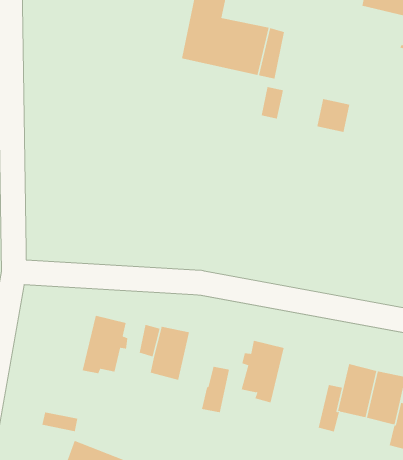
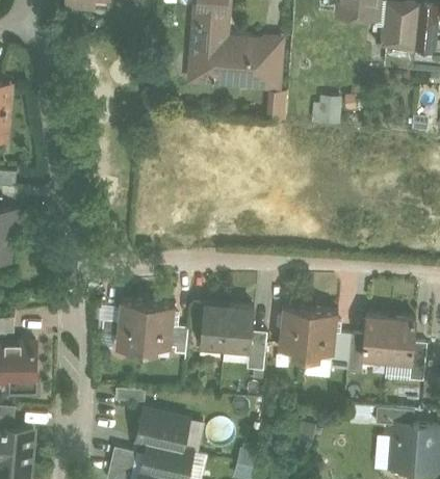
building: none -> [113,301,148,351]
building: none -> [225,308,254,351]
building: none -> [305,311,341,360]

